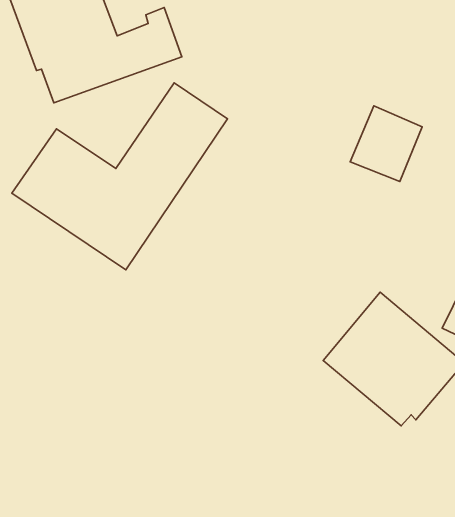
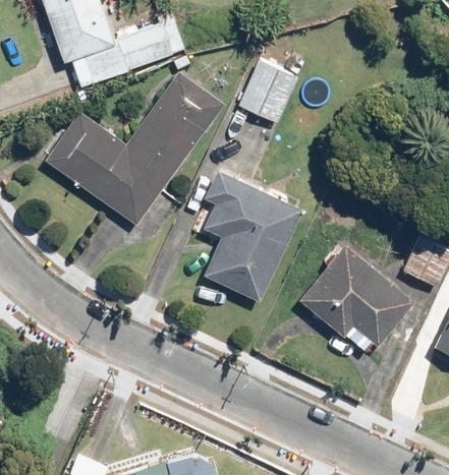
building: [350,106,422,181] -> [238,61,297,123]
building: none -> [189,168,303,304]

